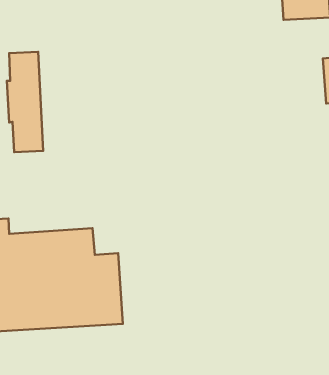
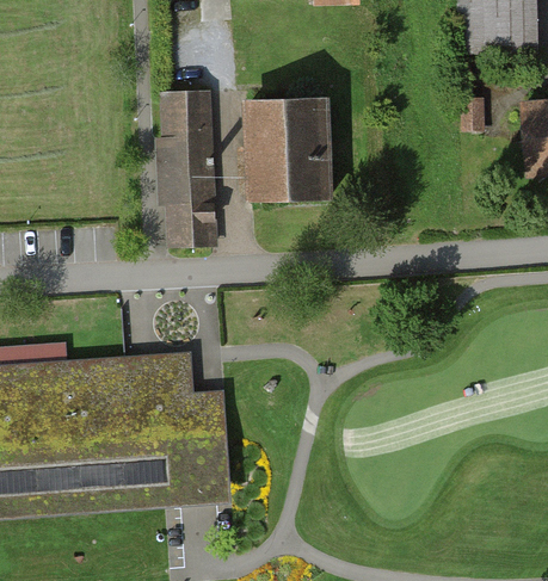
building: [7,52,43,152] -> [160,93,214,242]
building: none -> [247,97,327,196]

